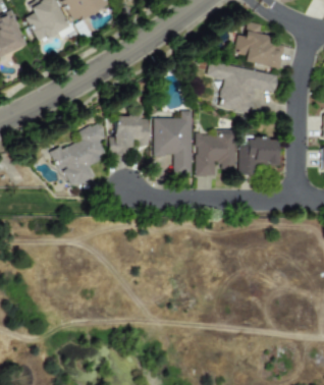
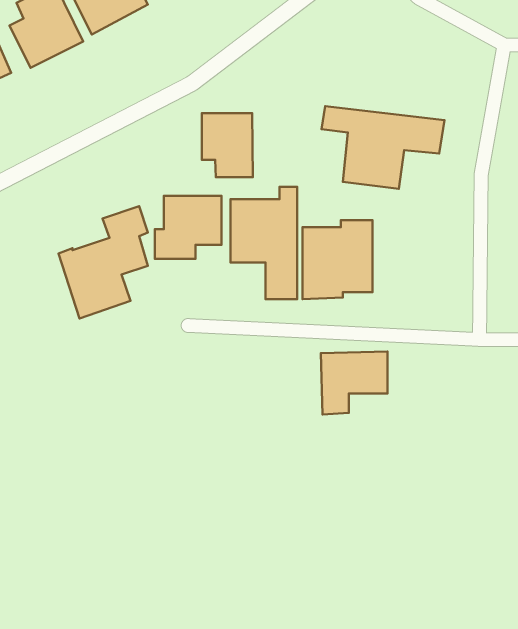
building: [234,21,286,69] -> none
building: none -> [202,113,253,177]
building: [240,139,279,175] -> [321,352,387,415]

